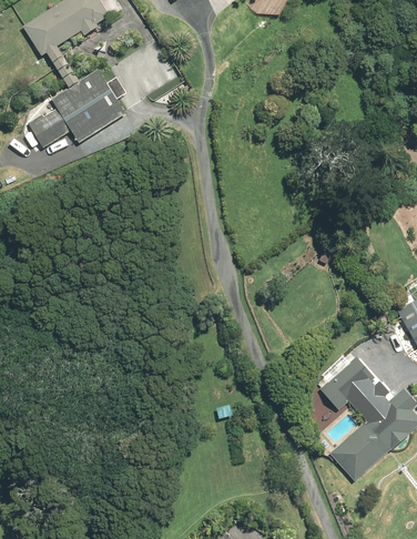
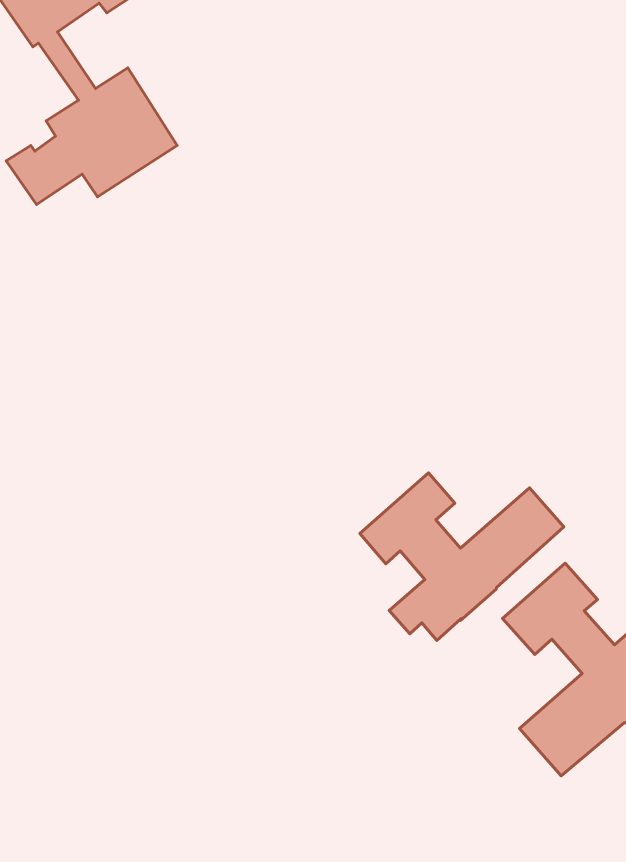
building: none -> [360,473,564,641]

